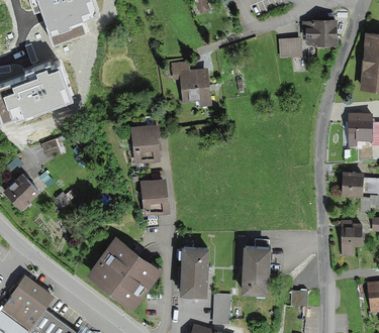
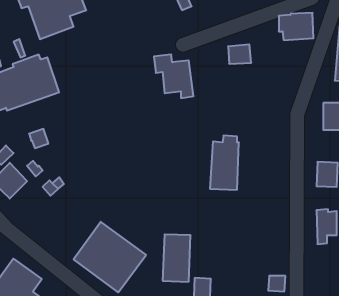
building: [278,36,302,57] -> [228,44,251,64]
building: [129,122,162,162] -> none
building: [139,176,170,215] -> none
building: [241,240,271,297] -> [210,136,239,190]

